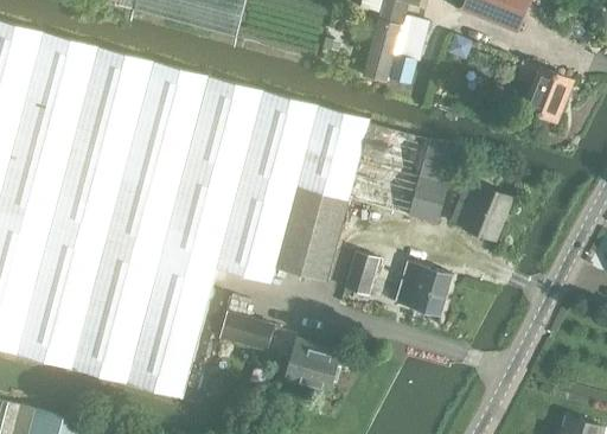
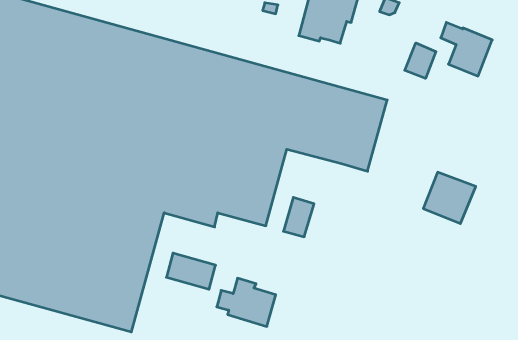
building: none -> [405,43,436,78]
building: [453,181,510,237] -> [423,172,476,224]
building: [396,261,453,314] -> none

